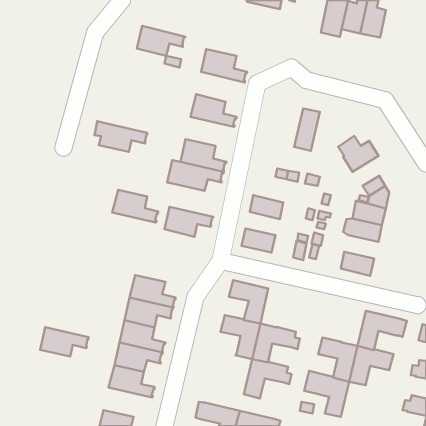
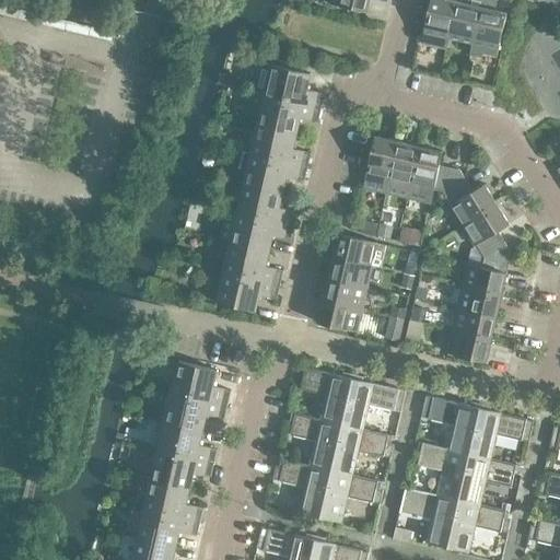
building: [137,26,185,56] -> [257,94,320,133]
building: none -> [362,137,397,192]
building: none -> [407,147,464,203]
building: [95,121,147,152] -> [237,151,306,191]
building: none -> [462,205,508,245]
building: none -> [331,234,376,266]
building: [112,190,158,222] -> [222,242,282,284]
building: none -> [322,278,366,308]
building: none -> [451,308,495,339]
building: none -> [341,378,405,430]
building: none -> [421,396,479,454]
building: [40,327,89,356] -> [136,509,199,547]
building: none -> [271,459,330,517]
building: none -> [446,501,510,552]

